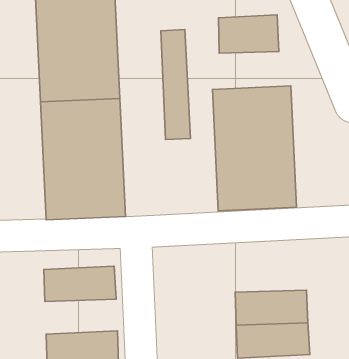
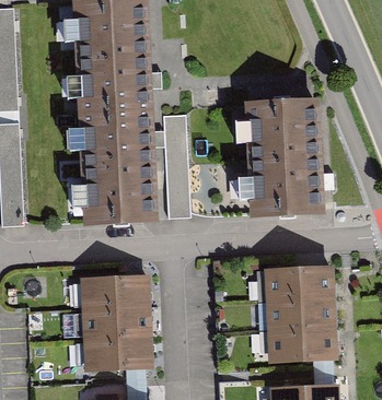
building: [218,15,279,53] -> none
building: [161,30,190,140] -> [162,110,190,216]
building: none -> [264,266,334,299]
building: none -> [81,306,151,340]

